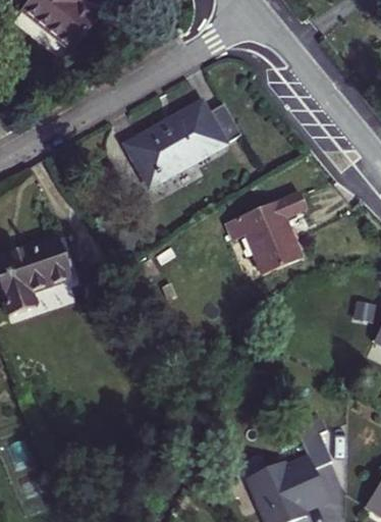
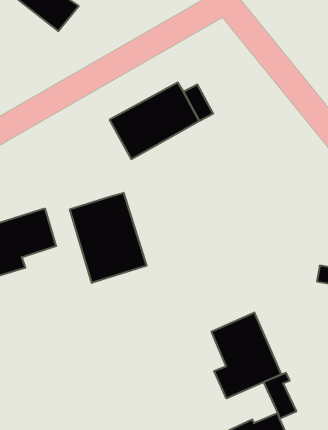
building: [227,193,306,273] -> none
building: none -> [70,193,147,283]
building: none -> [212,312,281,398]

